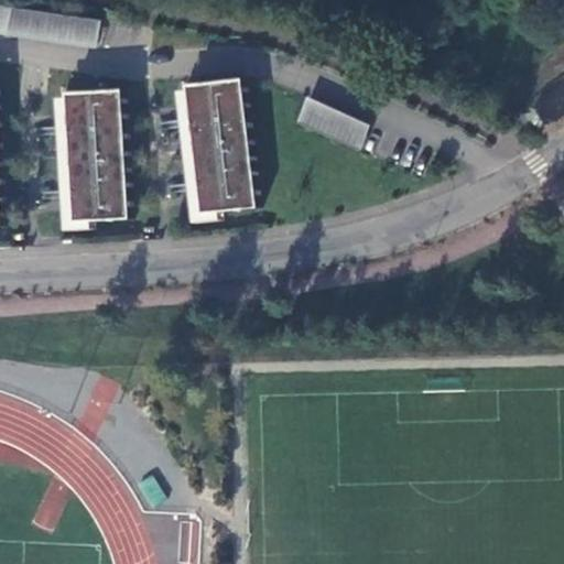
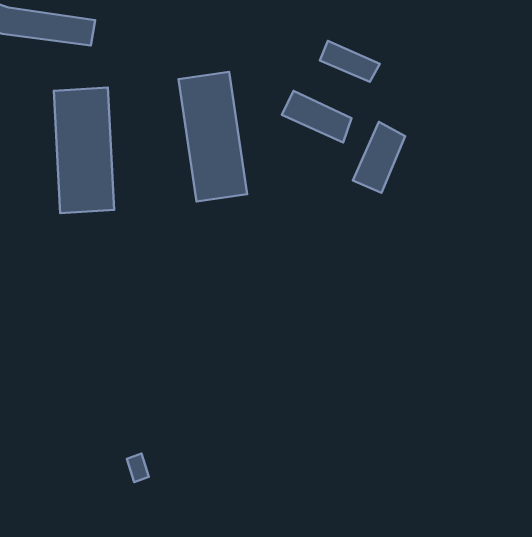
building: none -> [320,41,380,82]
building: none -> [353,122,405,193]

